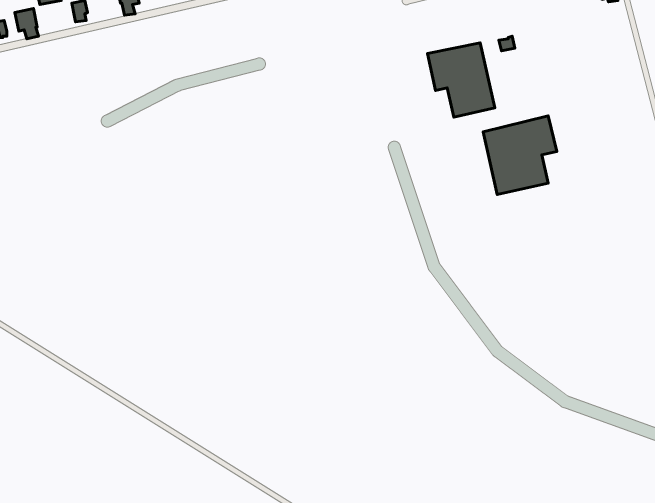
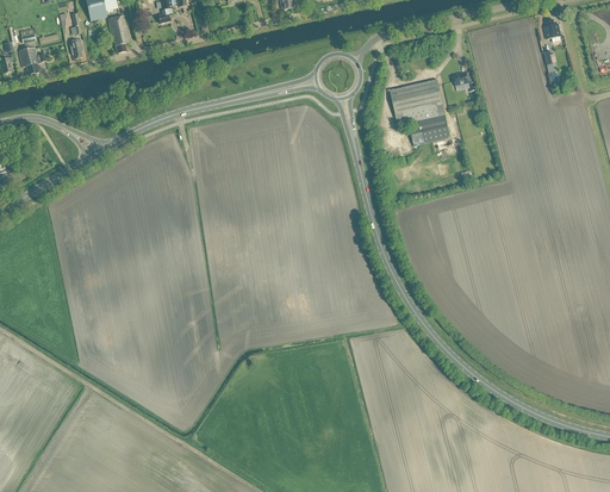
building: [483,116,557,194] -> none

